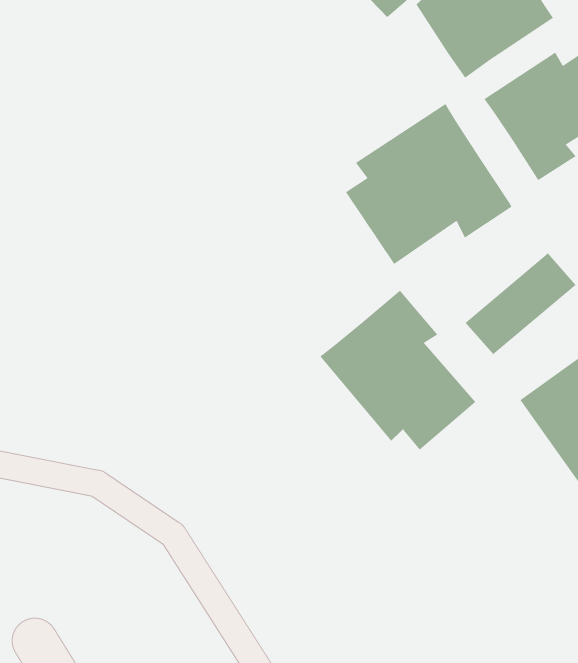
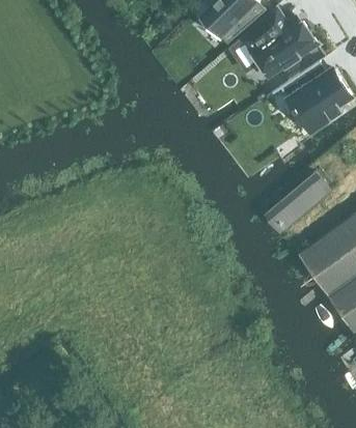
building: [345,103,512,265] -> none
building: [320,290,476,450] -> none

